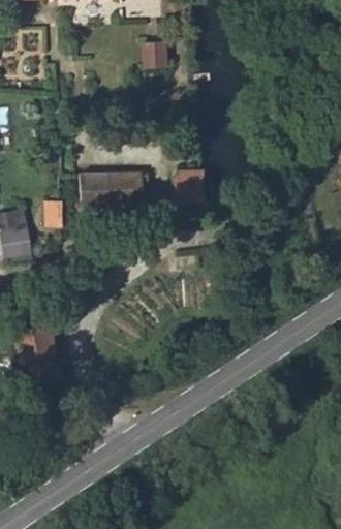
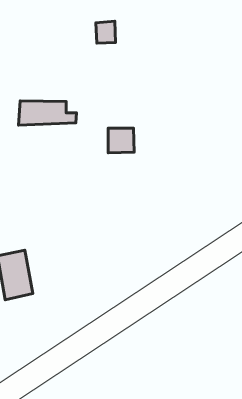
building: [78,174,151,205] -> [19,101,77,125]

